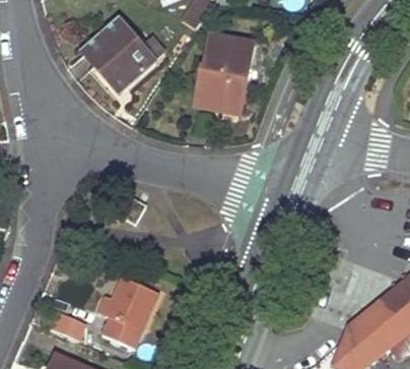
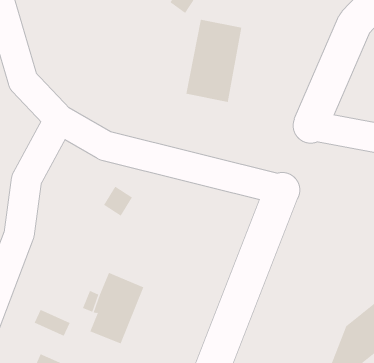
building: [83,19,153,87] -> none

